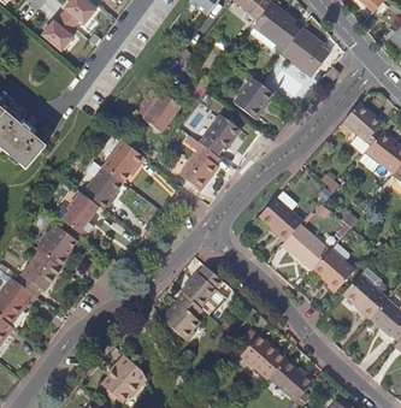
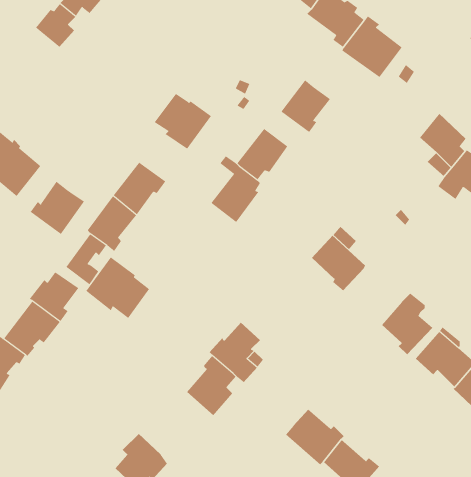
building: none -> [30,181,85,235]
building: none -> [86,257,150,319]
building: [282,225,330,272] -> none

